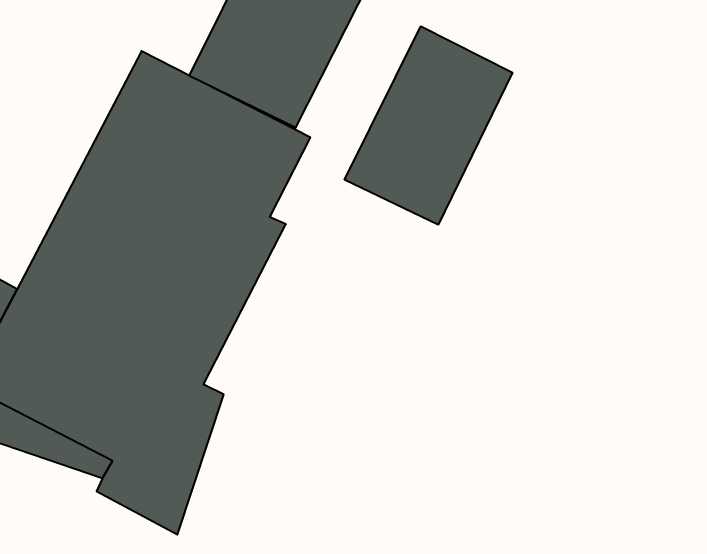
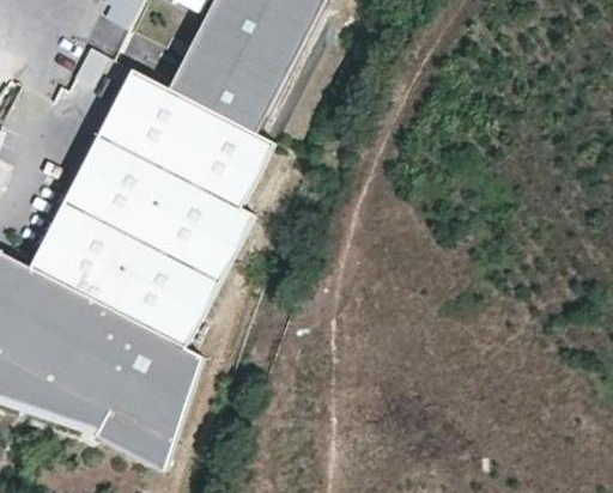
building: [345,26,512,225] -> none

